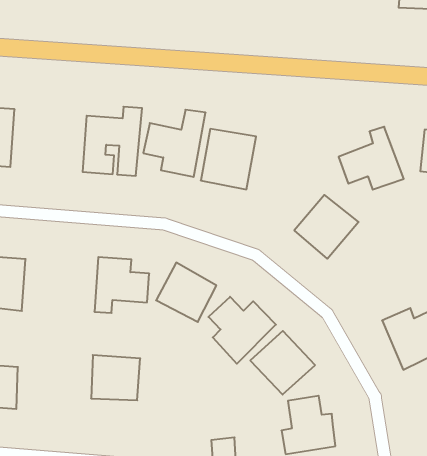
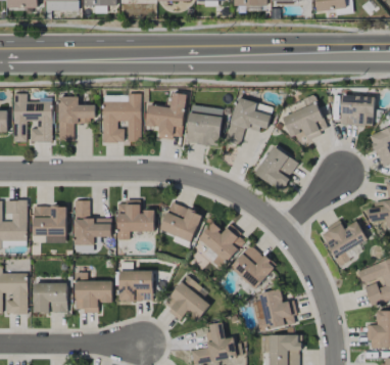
building: none -> [57,97,95,141]
building: none -> [226,98,273,144]
building: none -> [75,200,111,244]
building: none -> [75,280,112,312]
building: none -> [161,275,210,320]

